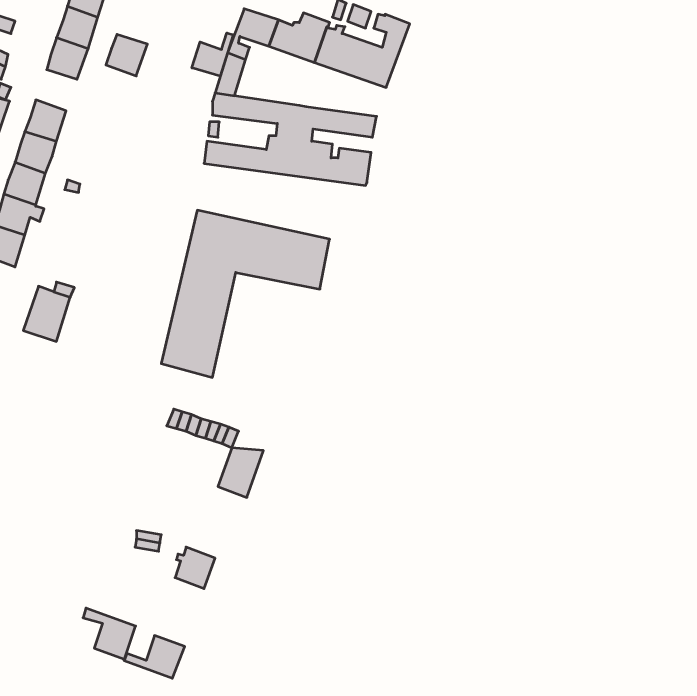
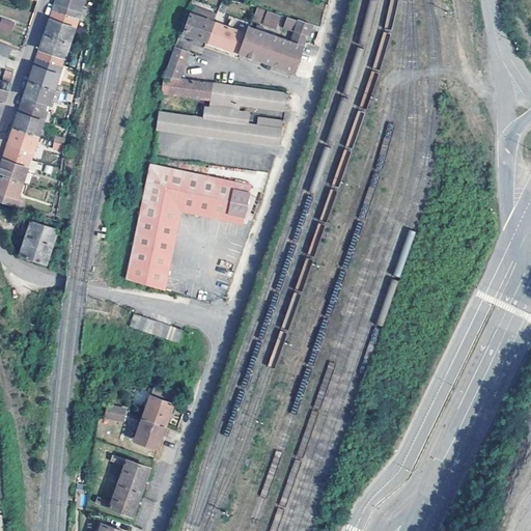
building: [192,33,233,76] -> none
building: [106,34,147,76] -> [29,58,60,89]
building: [218,448,263,497] -> [142,388,176,425]
building: [83,608,136,659] -> [110,453,149,492]

